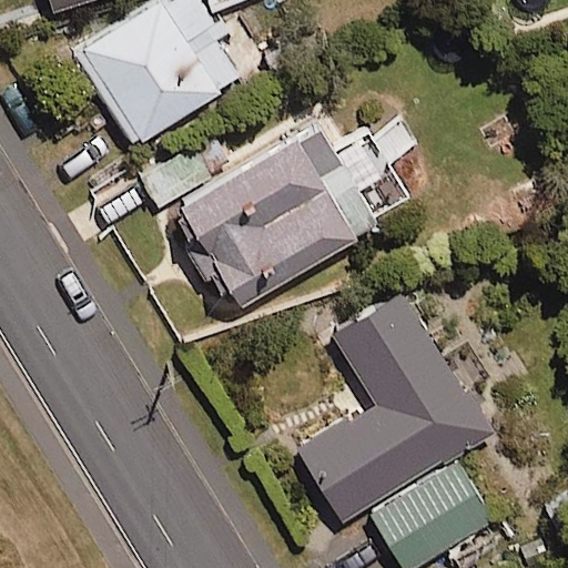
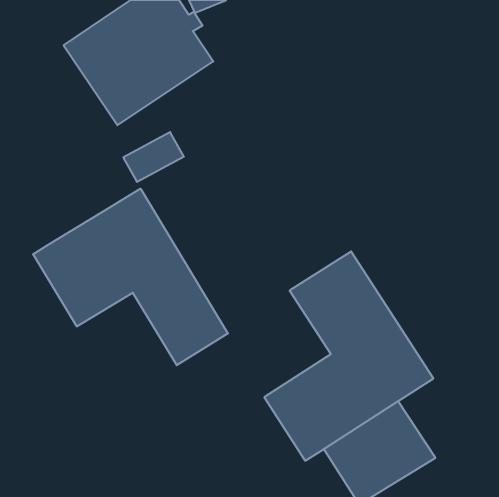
building: [171,120,414,312] -> none
building: none -> [33,189,228,365]

